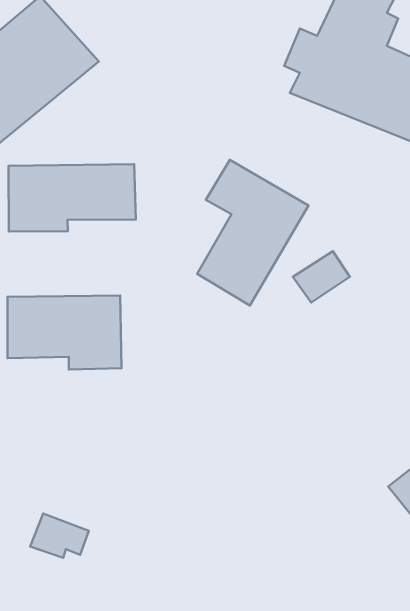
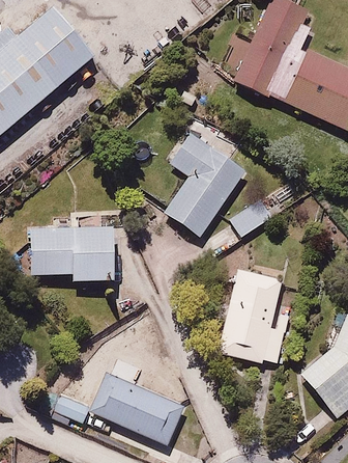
building: [9,164,136,231] -> none
building: none -> [220,261,298,362]
building: none -> [90,371,183,445]

